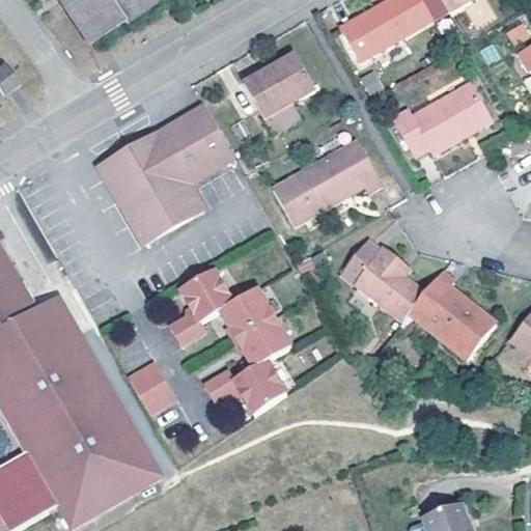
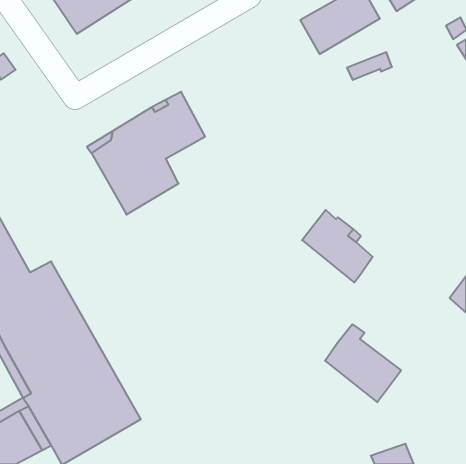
building: [244,52,313,133] -> none
building: [392,82,491,153] -> none
building: [273,139,381,225] -> none
building: [170,269,290,414] -> none
building: [408,270,494,358] -> [325,324,401,402]
building: [129,362,175,412] -> none

